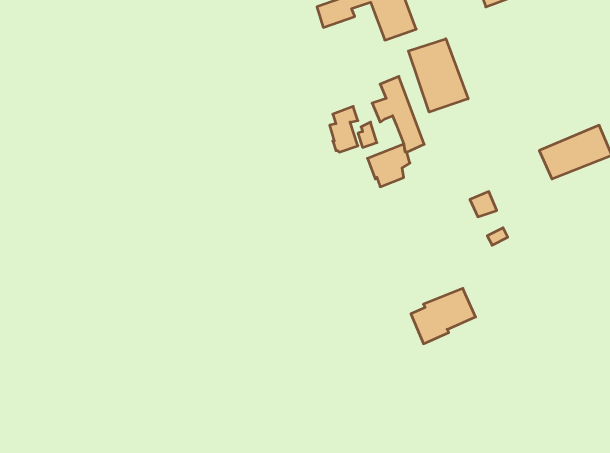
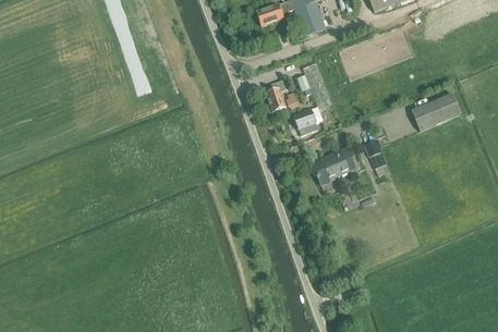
building: [408,39,468,112] -> none
building: [411,288,476,344] -> [312,147,356,185]

